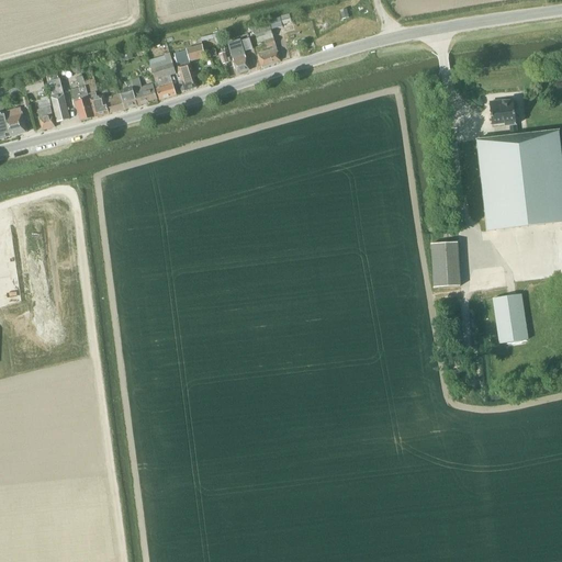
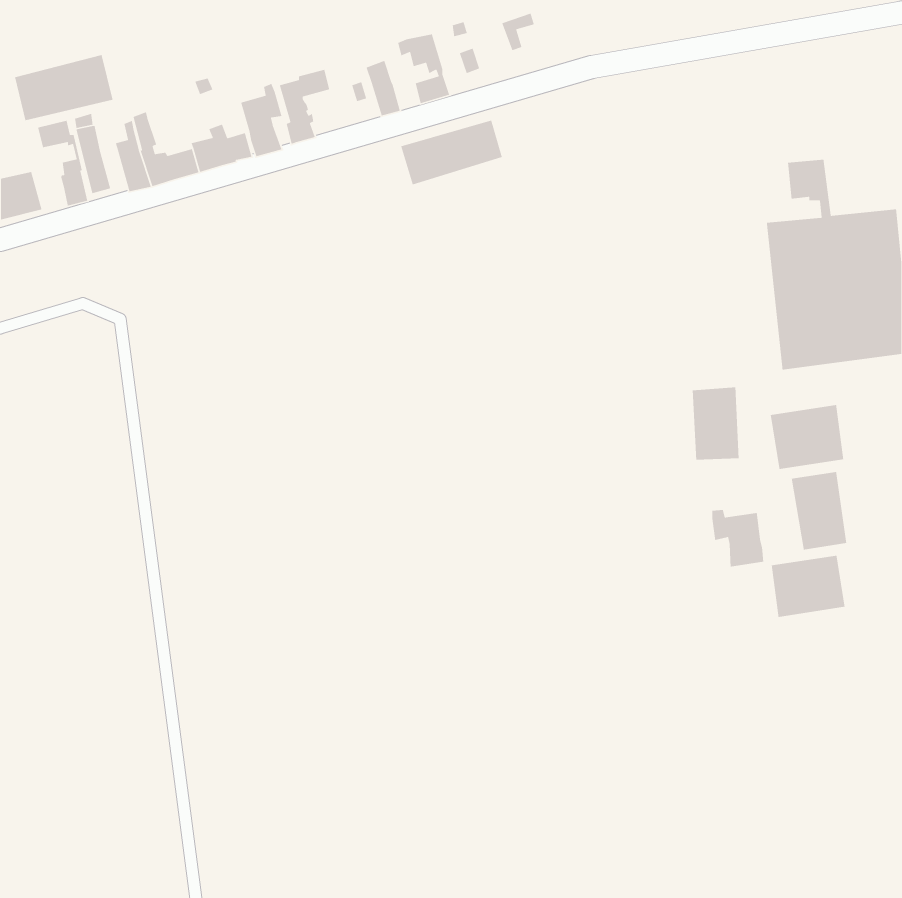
building: none -> [14,54,114,121]
building: none -> [400,120,503,185]
building: none -> [770,404,844,470]
building: none -> [711,509,764,568]
building: none -> [771,555,846,618]

